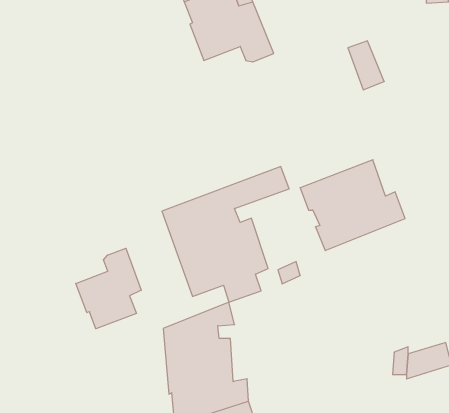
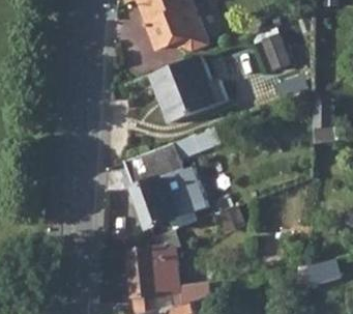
building: [300,160,405,251] -> [148,55,226,122]
building: [76,248,141,329] -> none

